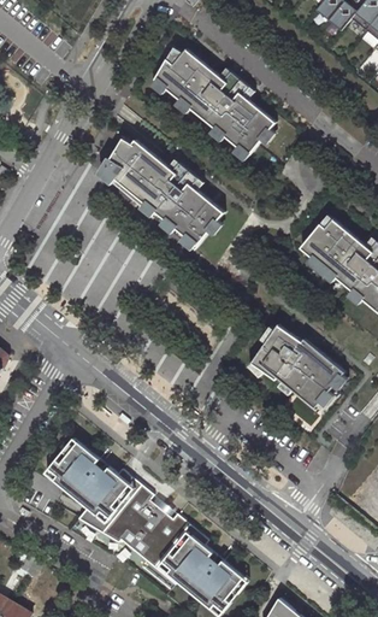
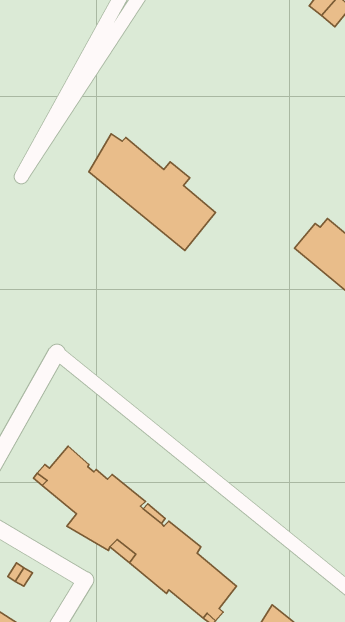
building: [150,49,274,163] -> none
building: [250,324,344,407] -> none

